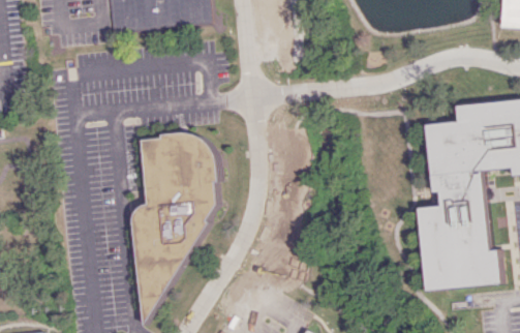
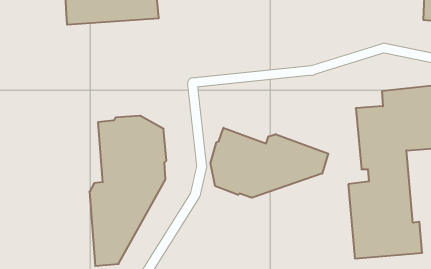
building: none -> [210,128,328,198]

